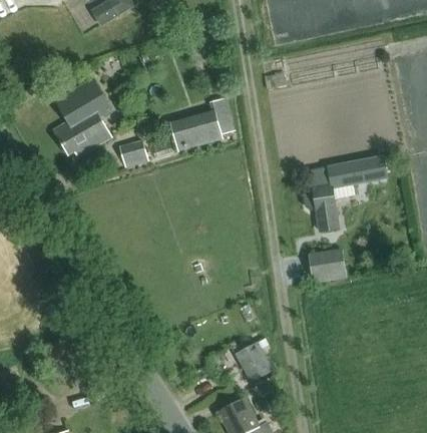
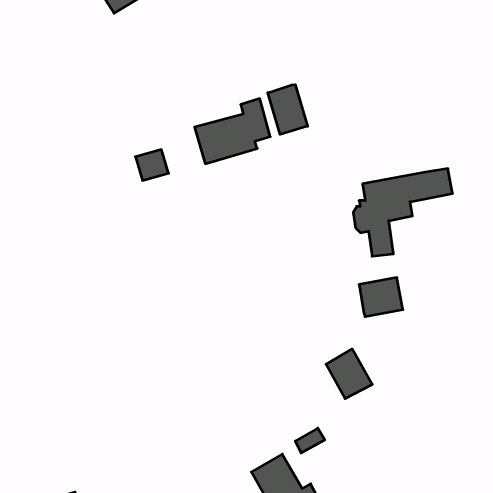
building: [53,79,110,157] -> none
building: none -> [268,85,308,134]
building: [235,341,274,383] -> [326,349,372,399]

